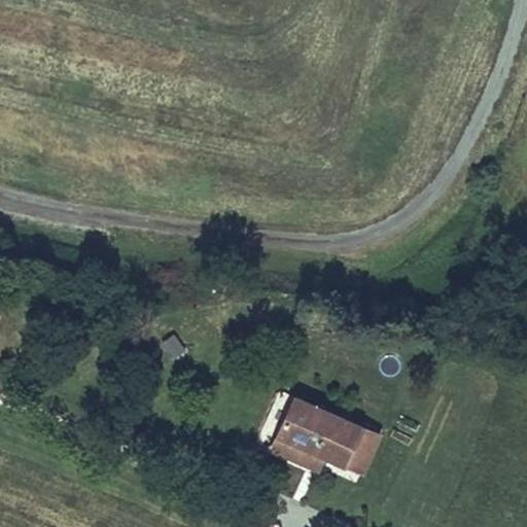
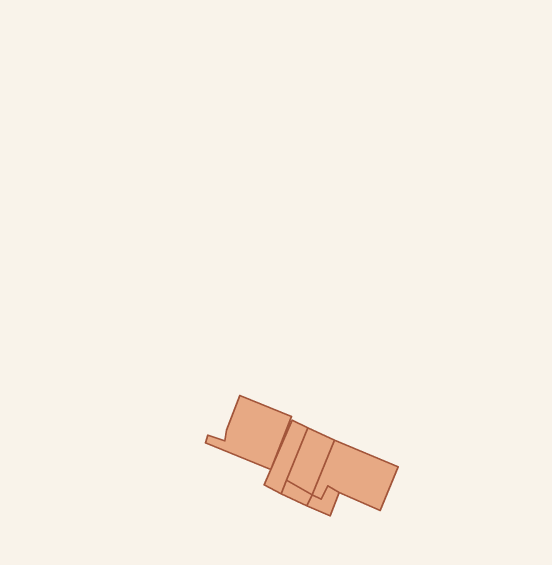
building: none -> [206,395,292,470]

